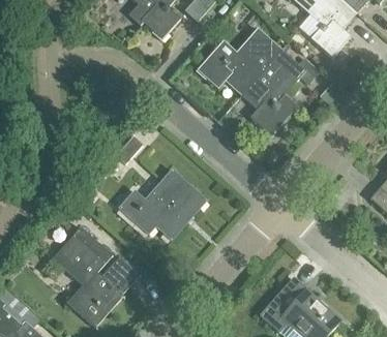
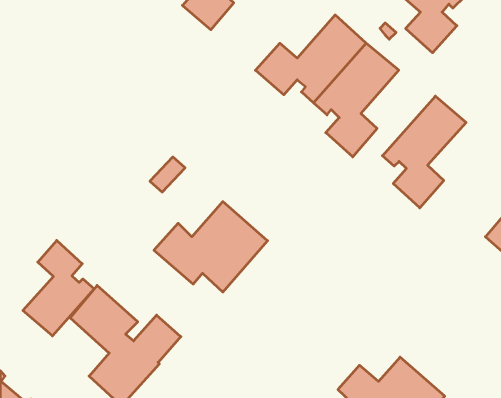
building: none -> [382,96,466,208]
building: none -> [23,240,94,336]

